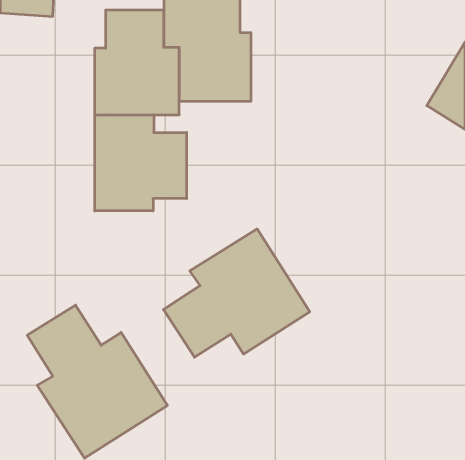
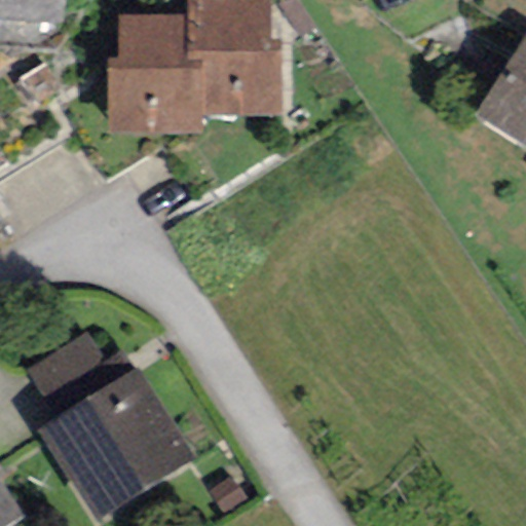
building: [95,115,187,211] -> none
building: [163,229,310,357] -> none

